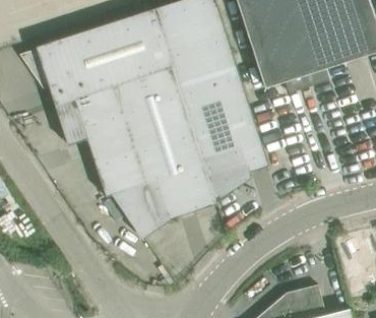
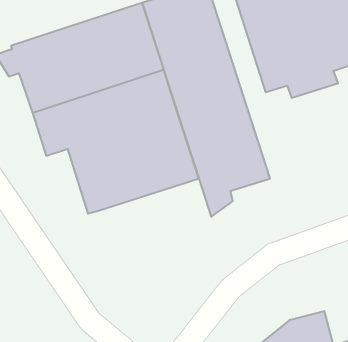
building: [114,166,217,237] -> none

